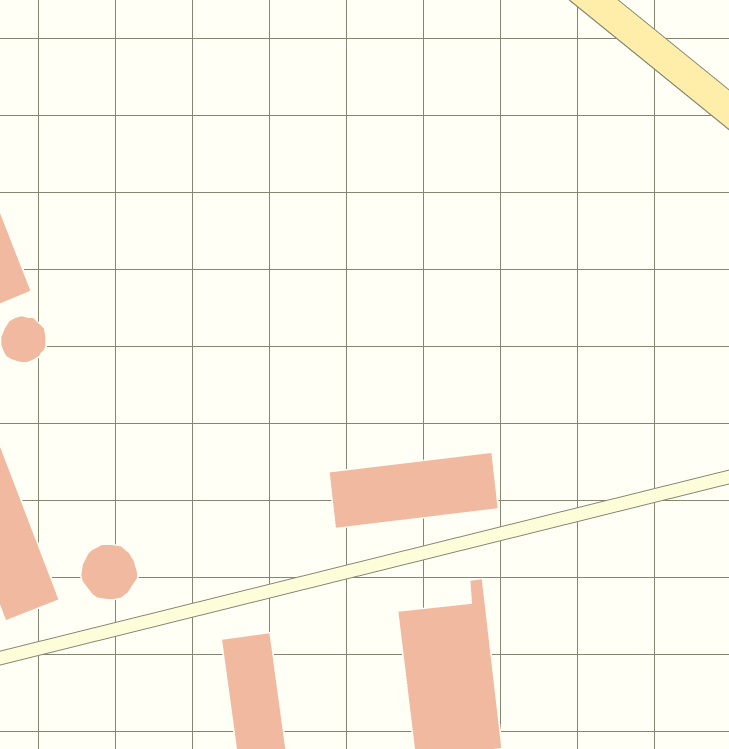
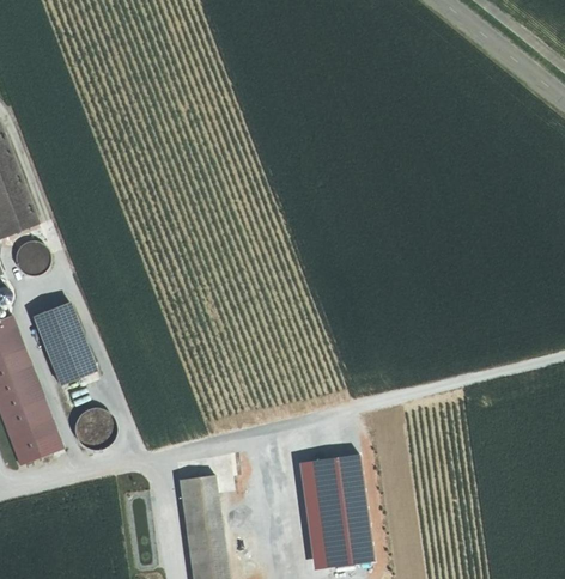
building: none -> [32,301,95,385]
building: [329,452,499,529] -> none

